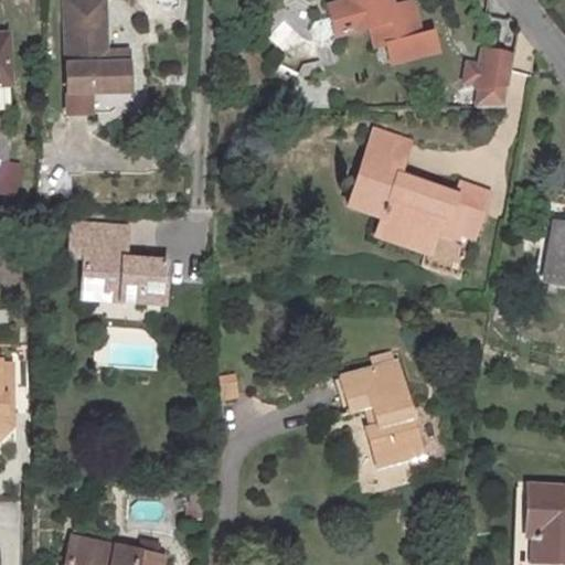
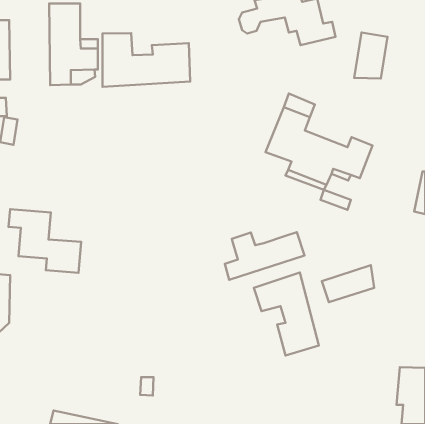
building: none -> [102,33,190,87]
building: [68,217,164,301] -> [8,209,81,273]
building: none -> [225,232,305,280]
building: none -> [322,265,374,302]

